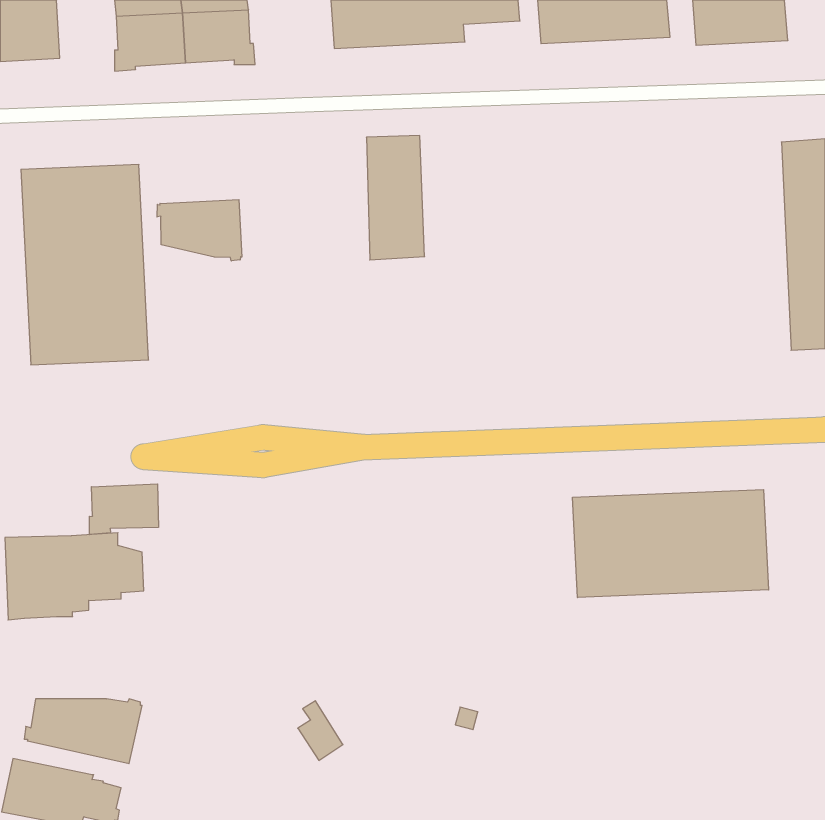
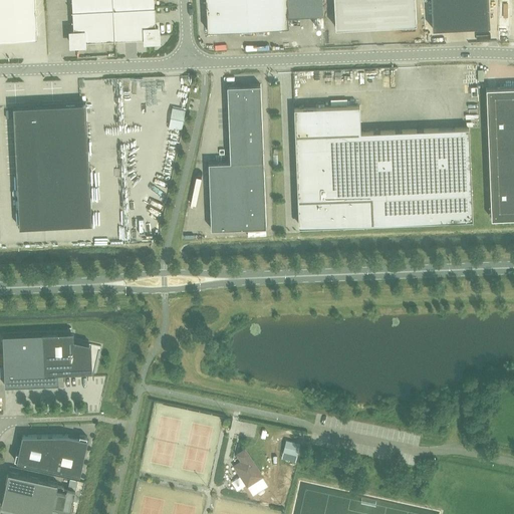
building: none -> [294,108,473,229]
building: [157,200,242,261] -> none
building: none -> [209,163,266,232]
building: [89,484,158,535] -> none
building: [573,490,769,598] -> none
building: [298,701,343,760] -> [234,452,262,489]

